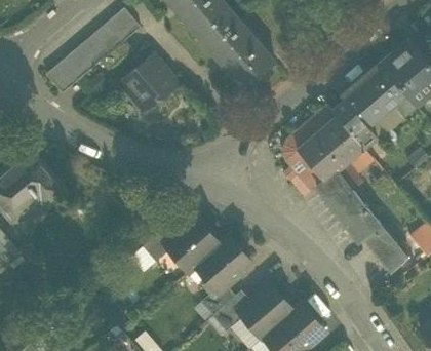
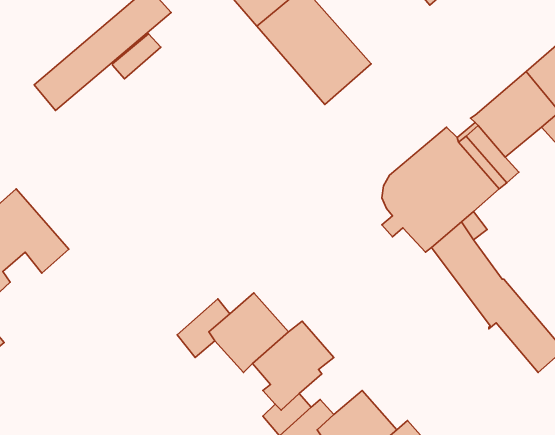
building: [120,55,177,111] -> none

